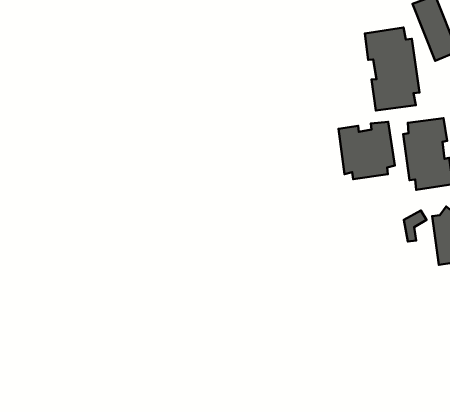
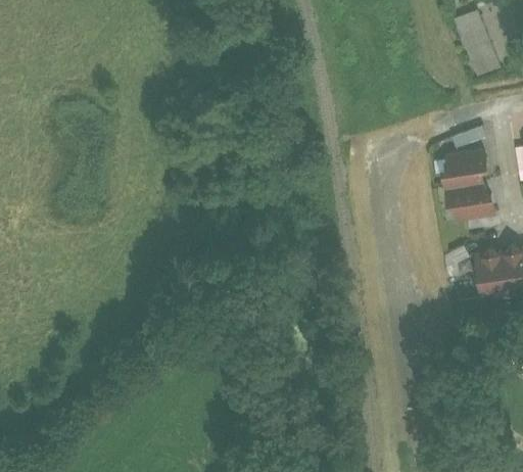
building: [365,27,420,110] -> none
building: [338,122,395,179] -> none

